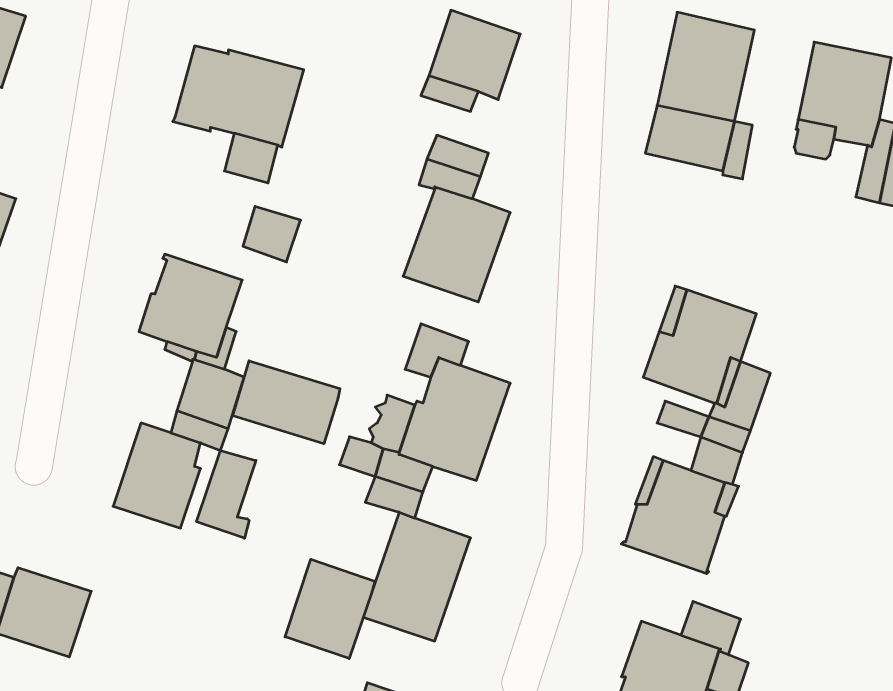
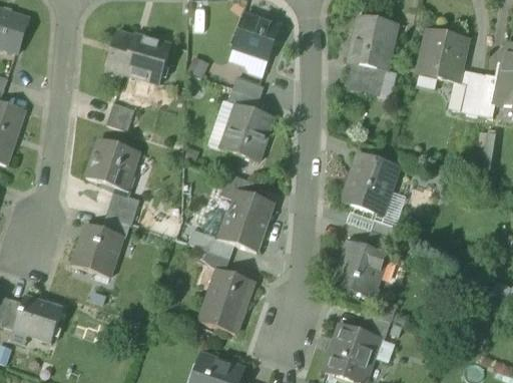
building: [243,206,301,262] -> [103,102,132,130]
building: [233,361,340,444] -> none
building: [197,451,256,538] -> none
building: [285,559,375,659] -> none

